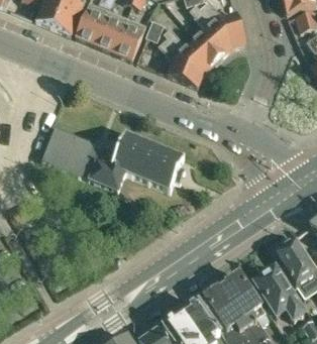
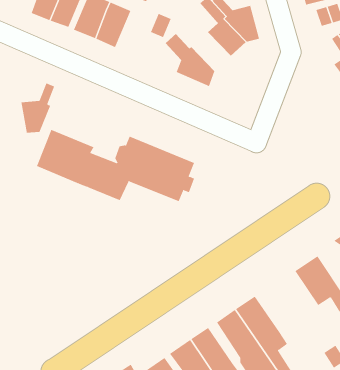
building: [113,18,145,59] -> none
building: [164,28,217,73] -> none
building: none -> [21,82,55,134]
building: [253,269,304,322] -> none

